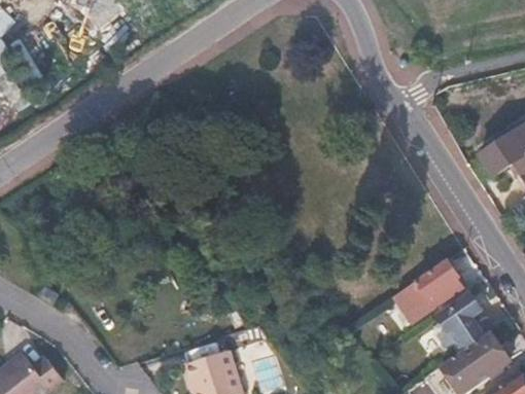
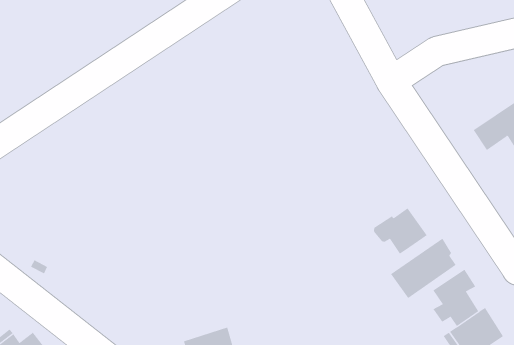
building: none -> [374,208,428,254]

